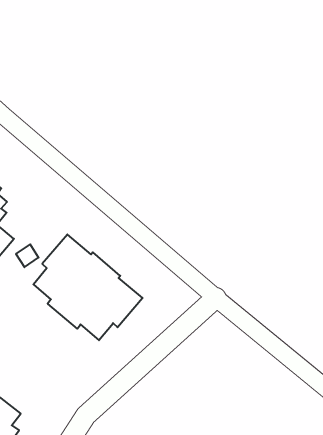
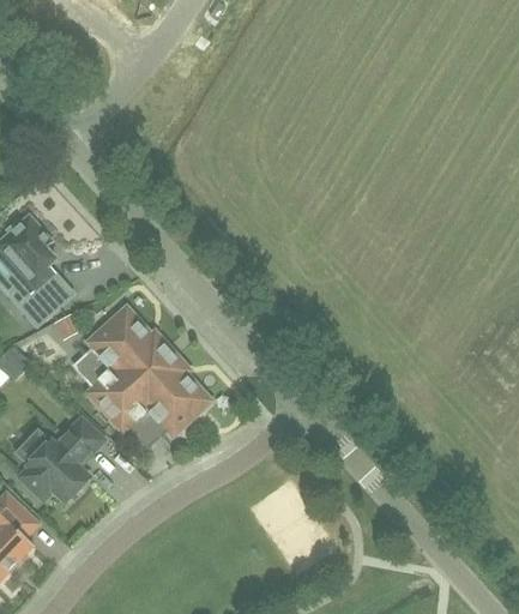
building: none -> [24,417,103,501]

